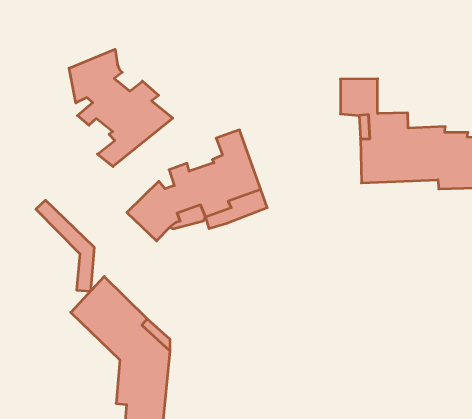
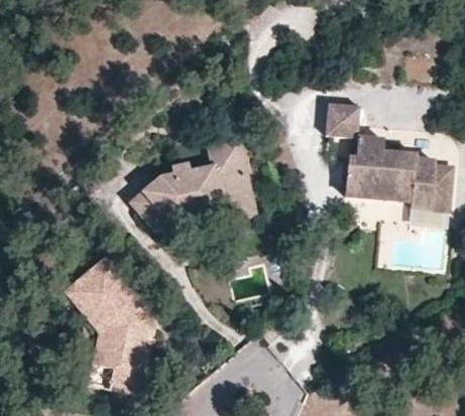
building: [69,49,173,167] -> none
building: [36,200,94,291] -> [65,282,112,365]

